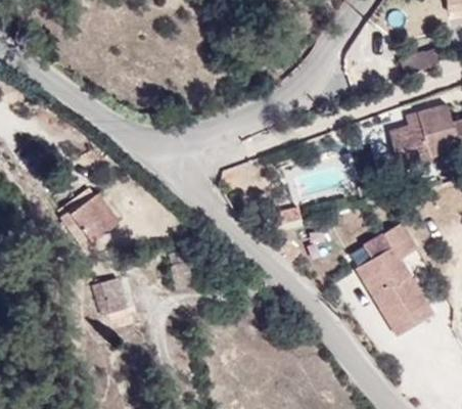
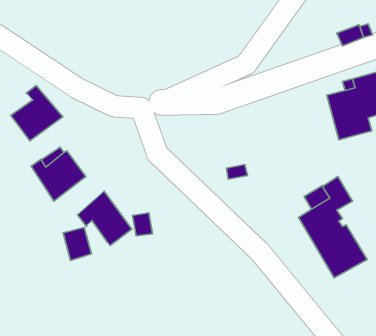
building: none -> [11,86,63,141]
building: none -> [78,191,132,245]

